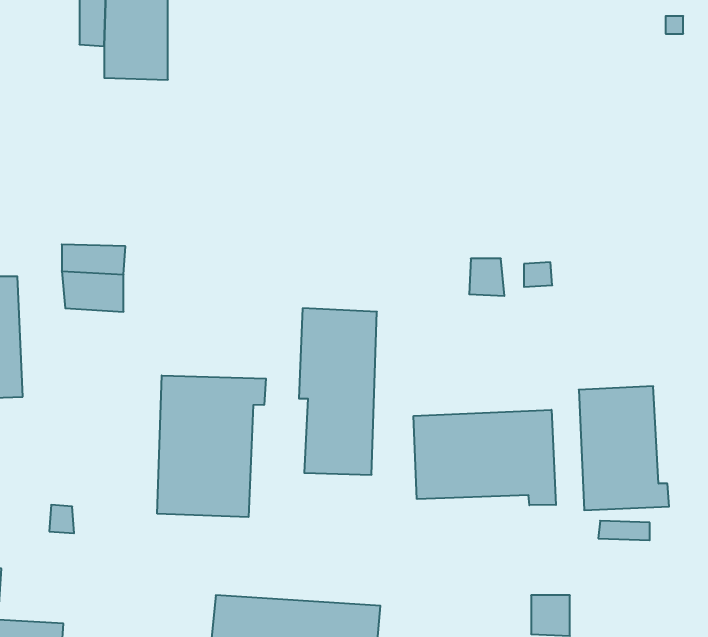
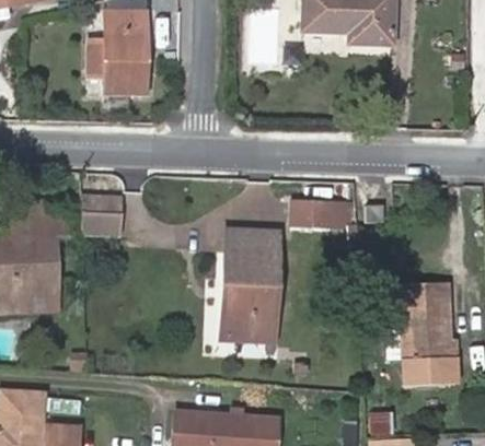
building: none -> [292,202,335,226]
building: [157,375,266,517] -> none
building: [414,410,556,505] -> none

